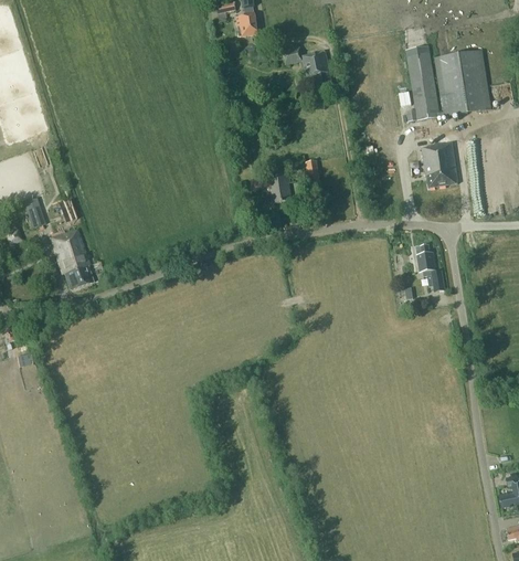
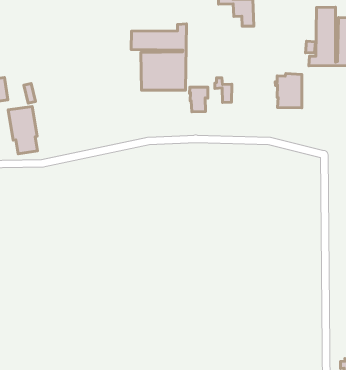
building: none -> [131,24,187,90]
building: [420,141,457,187] -> [275,74,302,108]
building: [415,244,444,290] -> none

